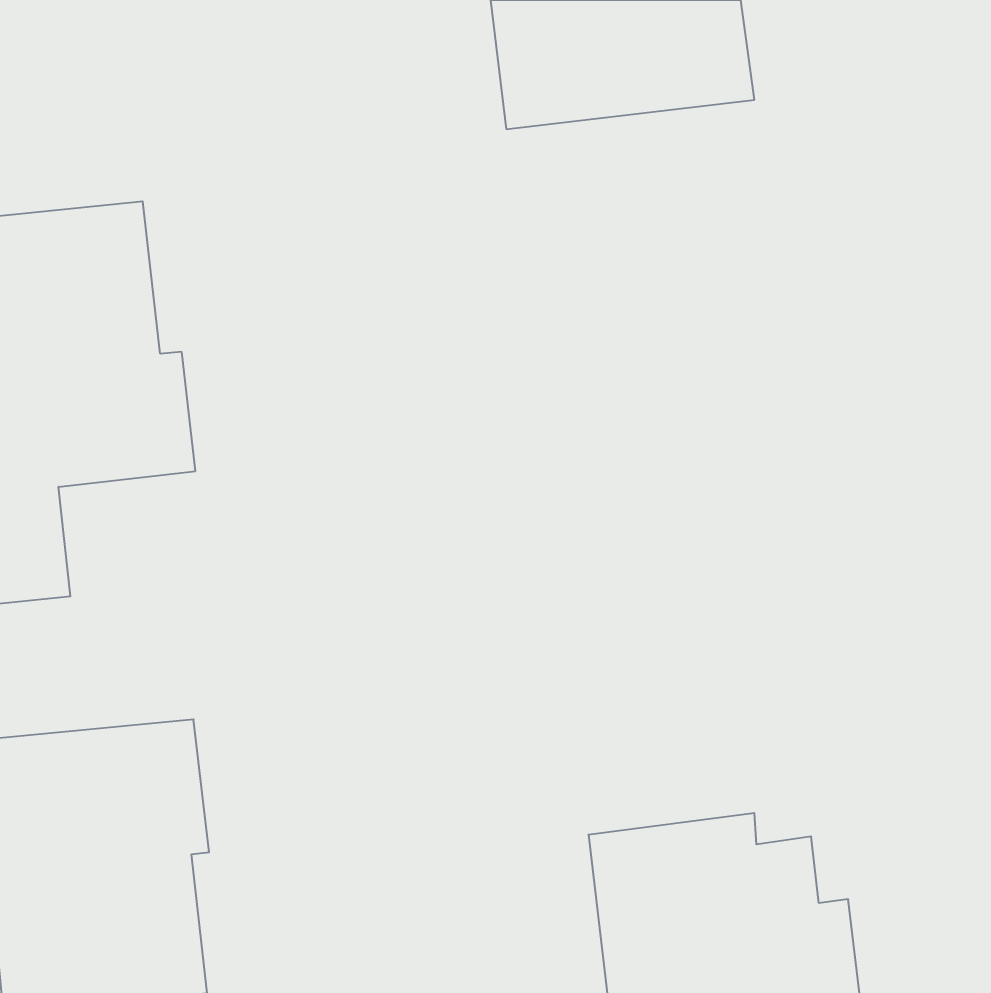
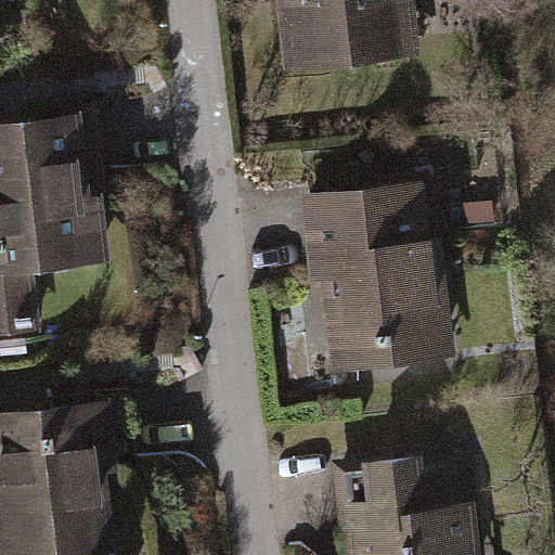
building: none -> [296,182,451,372]

